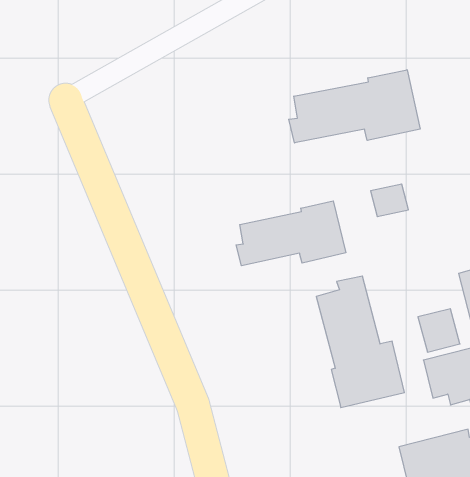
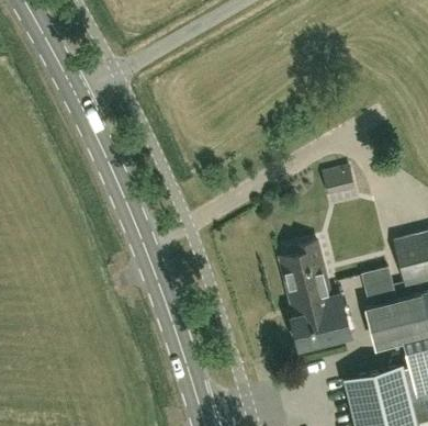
building: [289,70,420,143] -> none
building: [236,201,346,266] -> none

